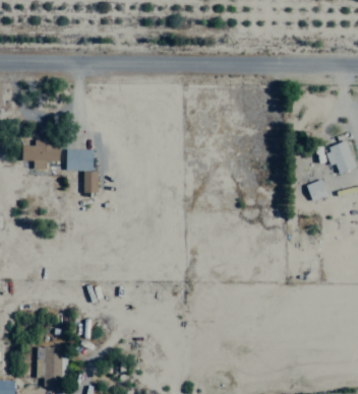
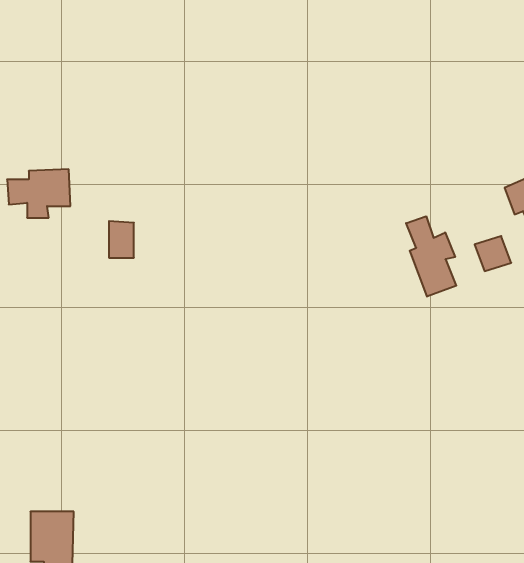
building: [67,149,95,171] -> none
building: none -> [406,216,456,297]

